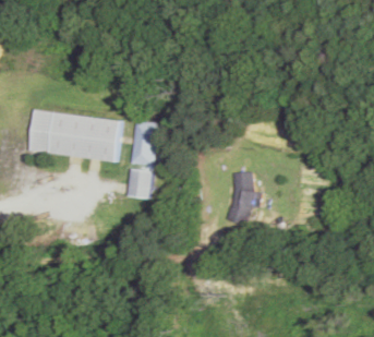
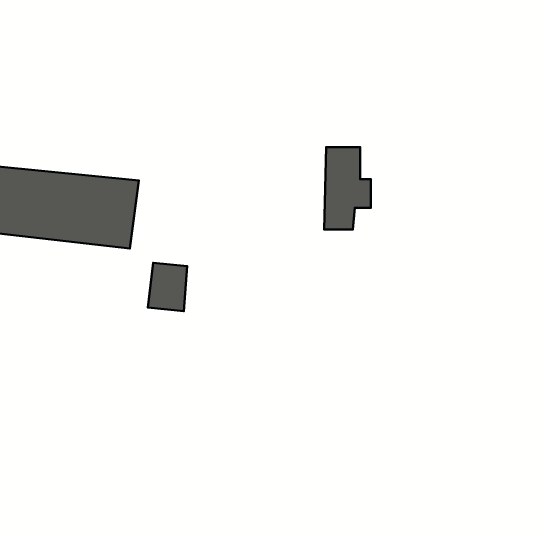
building: [130,120,160,166] -> none
building: [232,172,261,222] -> [324,147,371,229]

